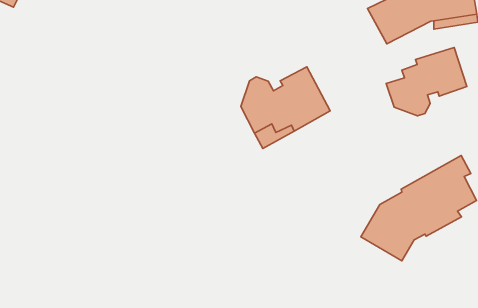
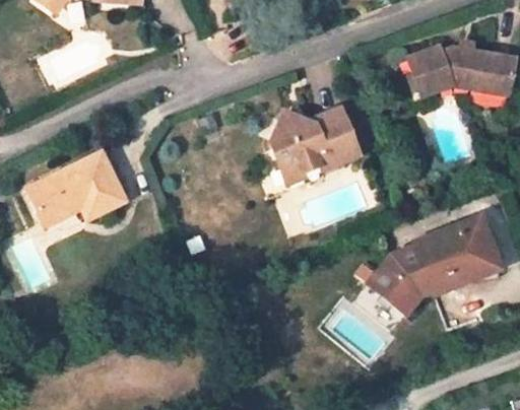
building: [386,47,467,116] -> none
building: none -> [26,155,123,226]

